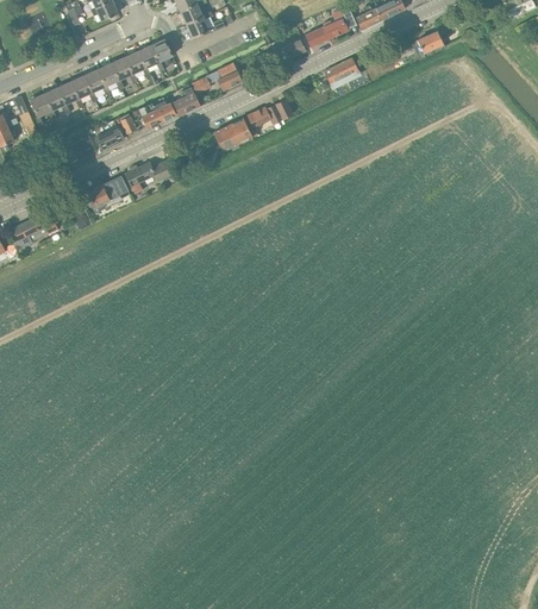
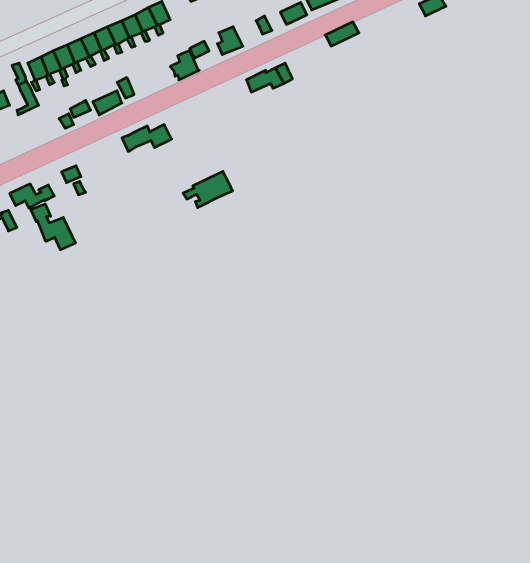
building: [138,101,176,128] -> none
building: [204,118,252,153] -> [183,171,233,208]
building: [86,175,127,209] -> none
building: none -> [31,204,75,250]

